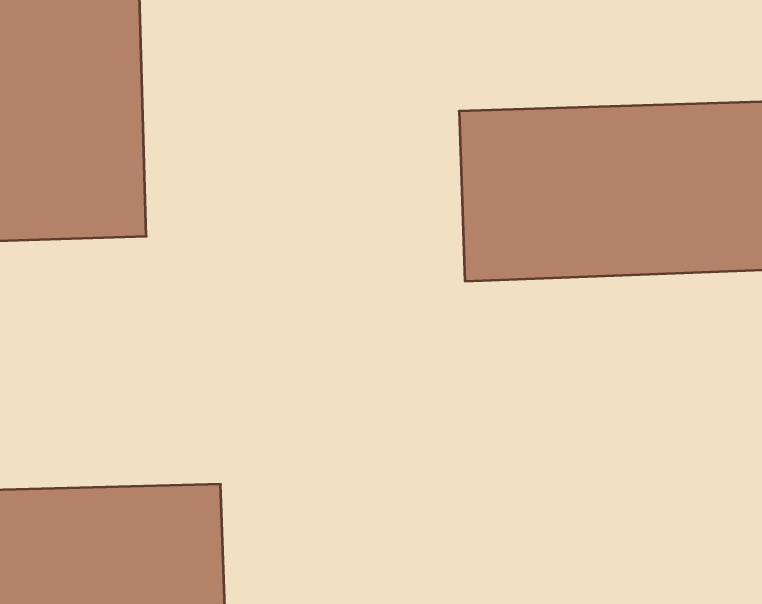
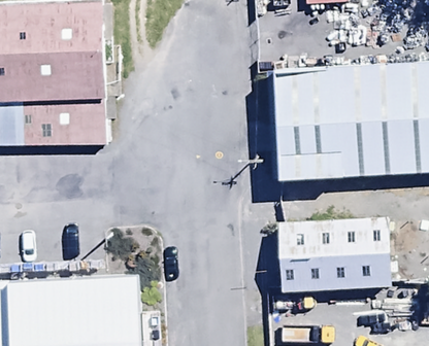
building: none -> [279,217,397,291]

